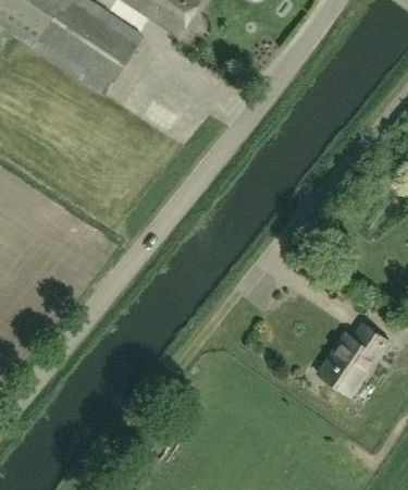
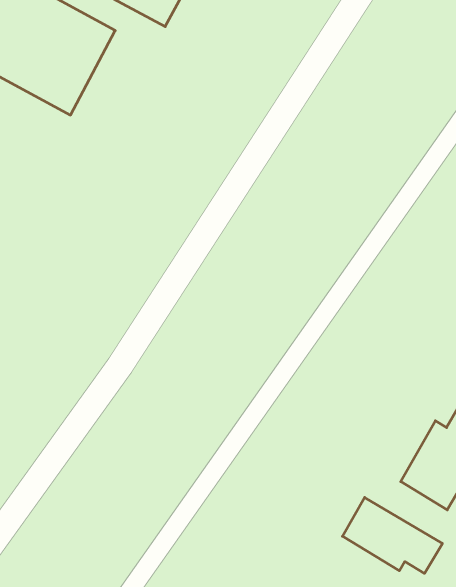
building: none -> [342,497,442,573]

